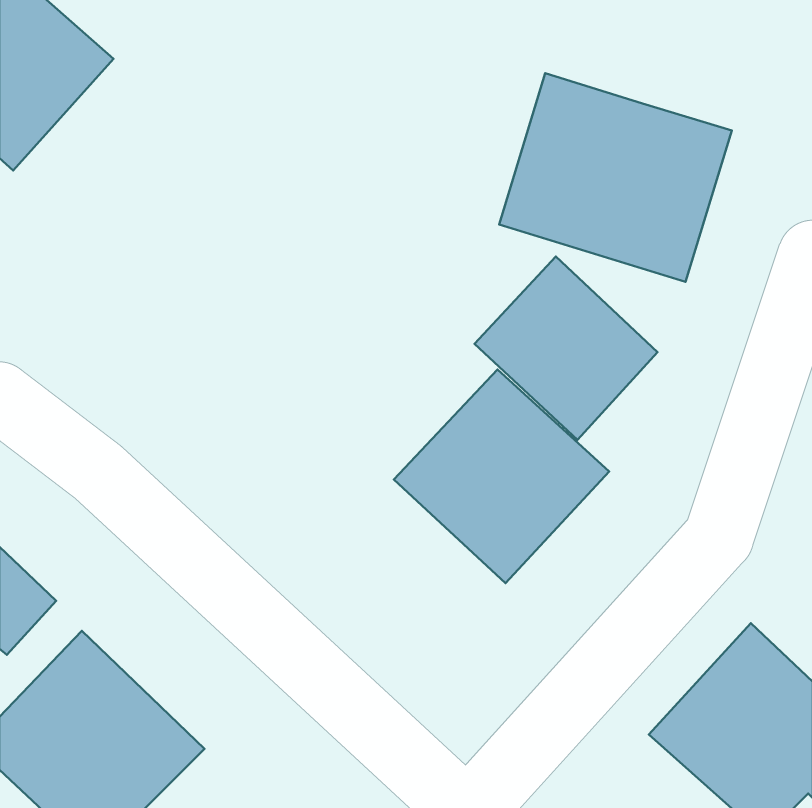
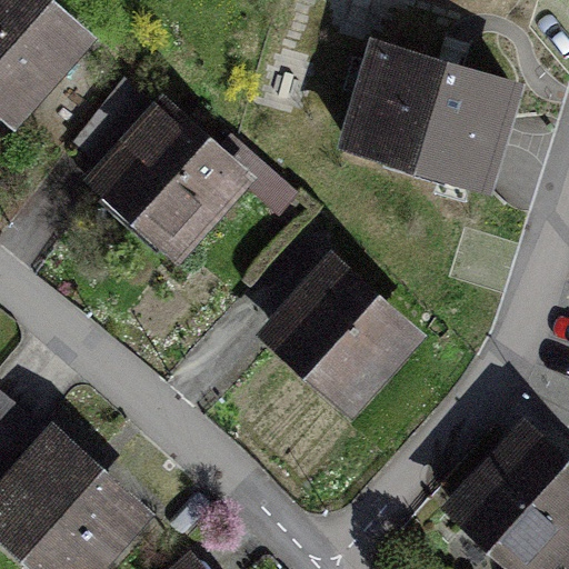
building: none -> [93,111,240,258]
building: [475,256,658,440] -> none

